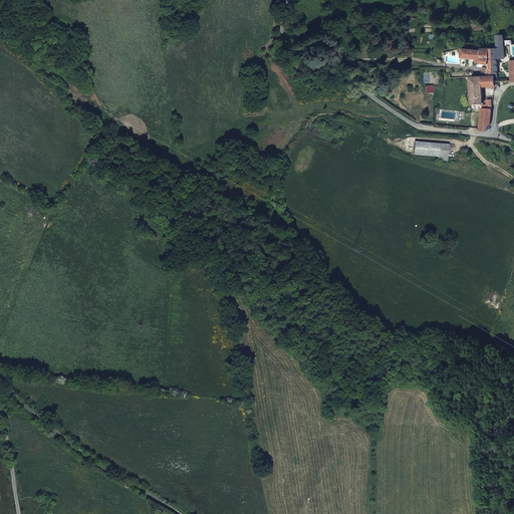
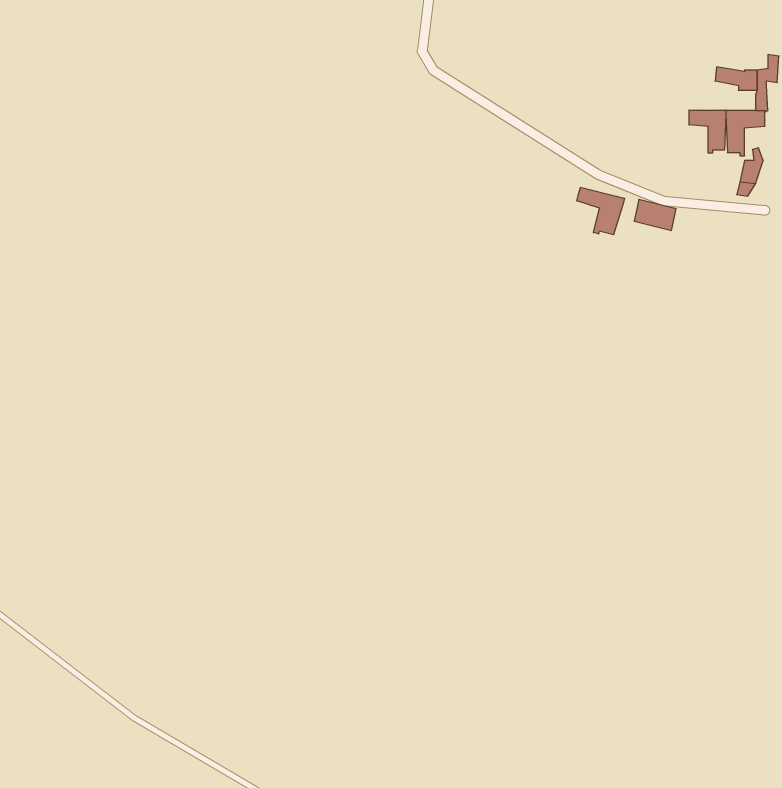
building: none -> [689,110,726,153]
building: none -> [577,187,624,235]

